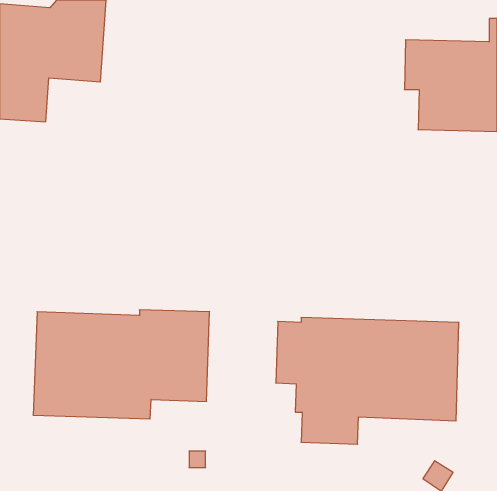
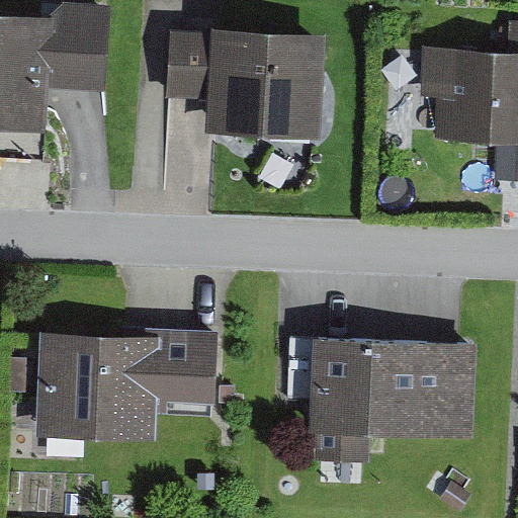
building: none -> [165,26,327,142]

